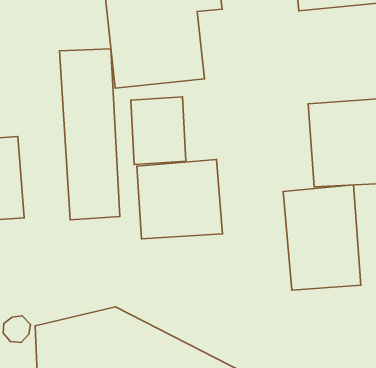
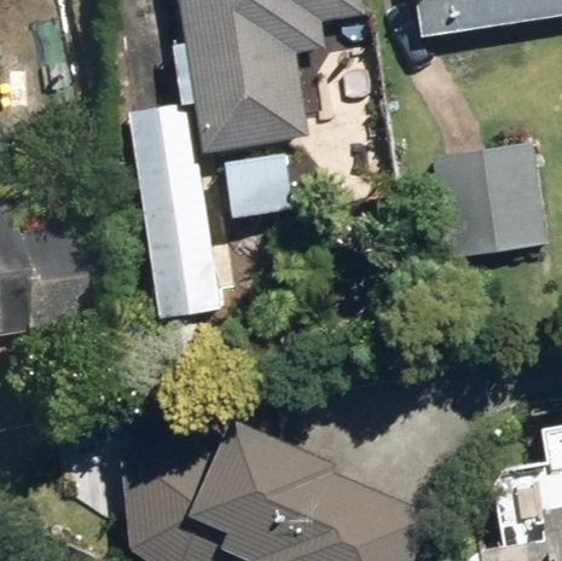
building: [137,160,223,239] -> none
building: [283,185,361,290] -> none

